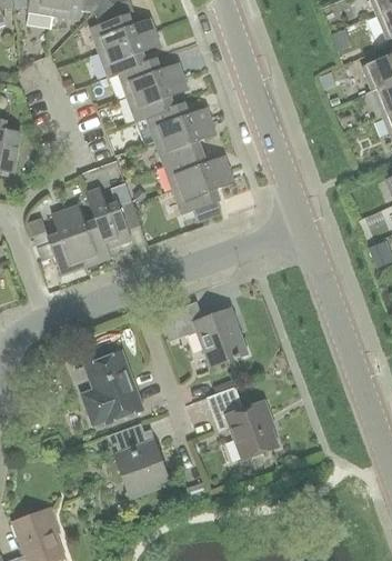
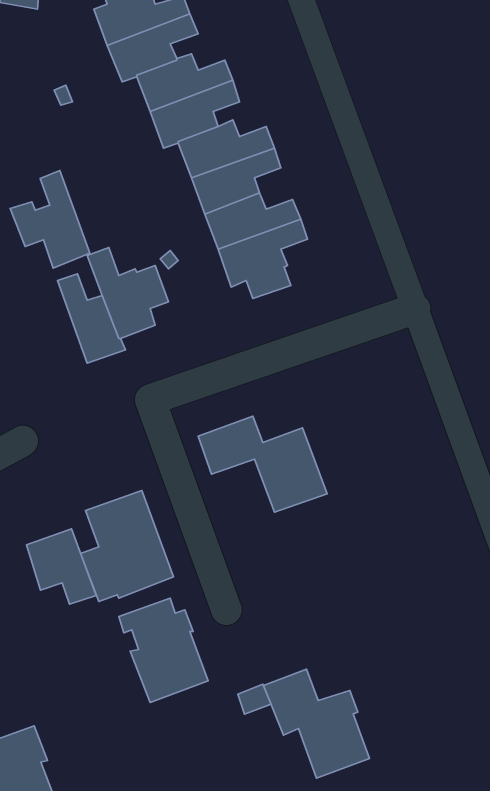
building: [32,209,86,274] -> [10,170,90,268]
building: none -> [26,529,96,604]
building: [207,385,278,459] -> [264,669,370,778]

